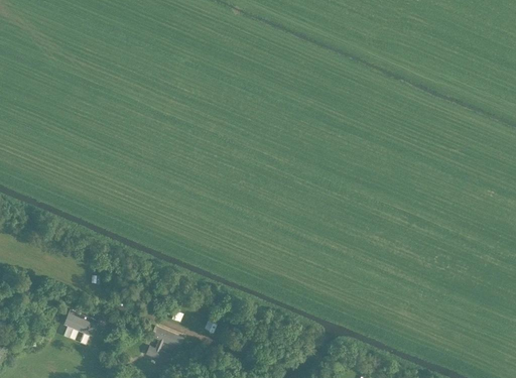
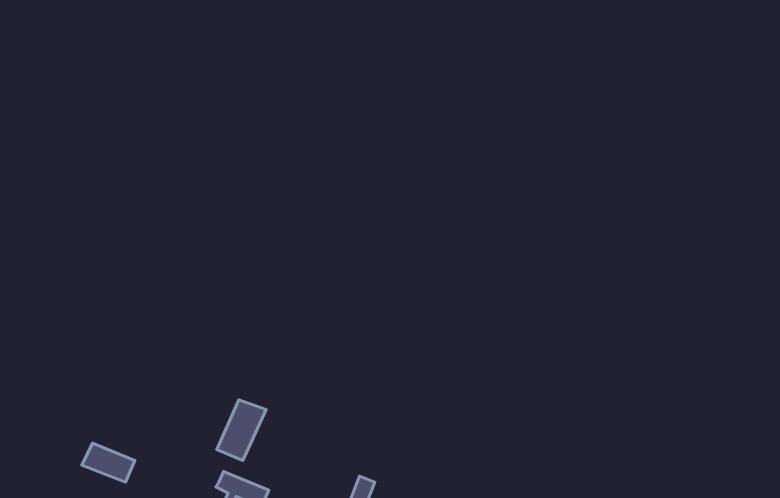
building: none -> [217,400,266,460]

